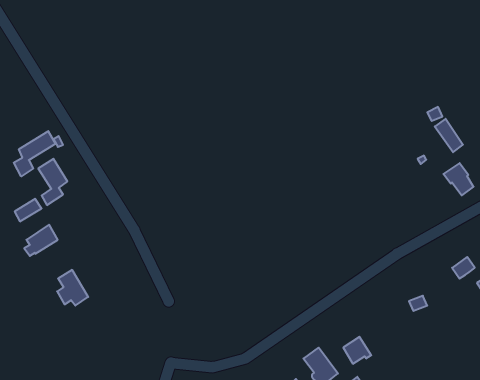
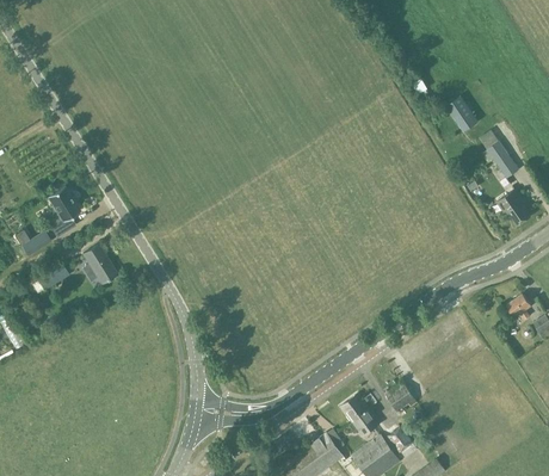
building: none -> [446,95,477,131]
building: [14,131,56,176] -> none
building: [57,270,88,306] -> [82,243,117,283]

